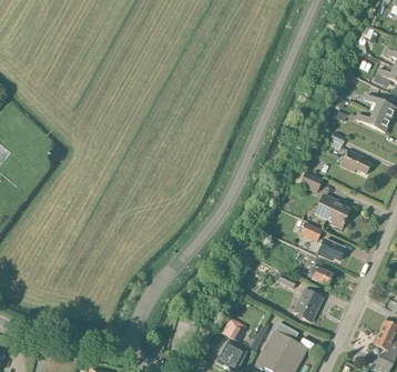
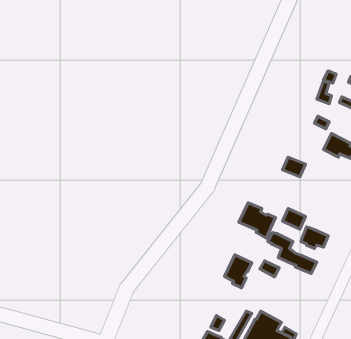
building: [314,194,349,229] -> [239,203,275,238]
building: [294,290,320,322] -> [225,255,252,288]

